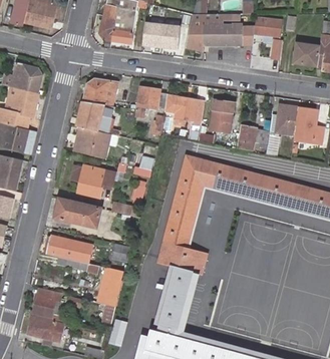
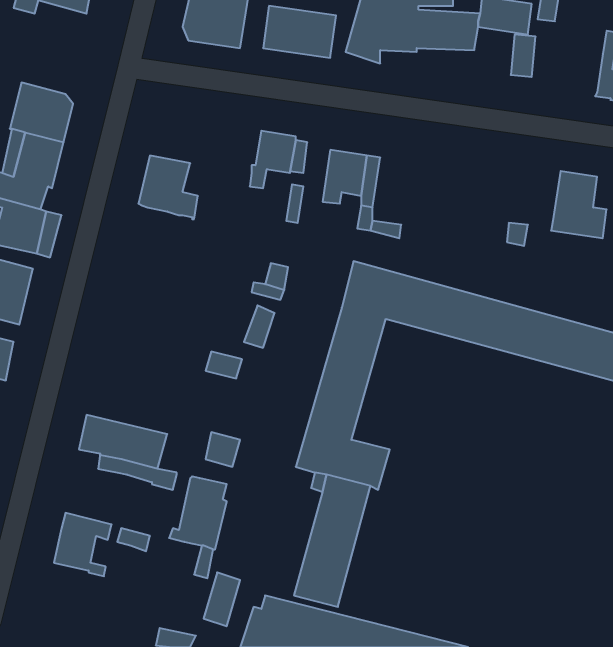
building: [293,44,319,67] -> none
building: [82,78,116,105] -> none
building: [209,100,233,126] -> none
building: [274,106,297,134] -> none
building: [72,126,117,158] -> none
building: [236,126,269,148] -> none
building: [70,166,109,197] -> none
building: [55,199,99,227] -> none
building: [27,316,62,342] -> none

